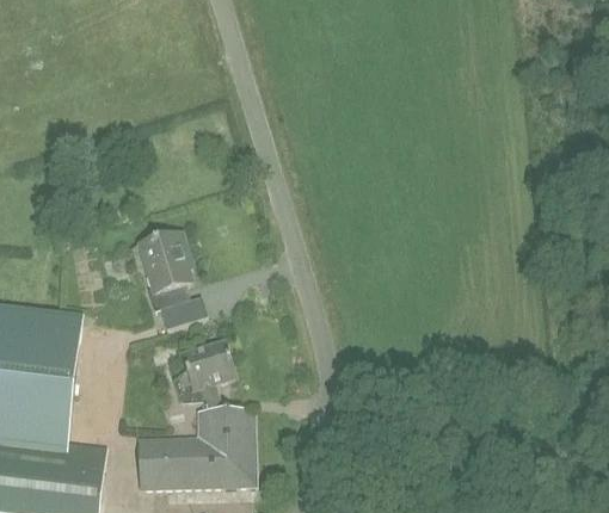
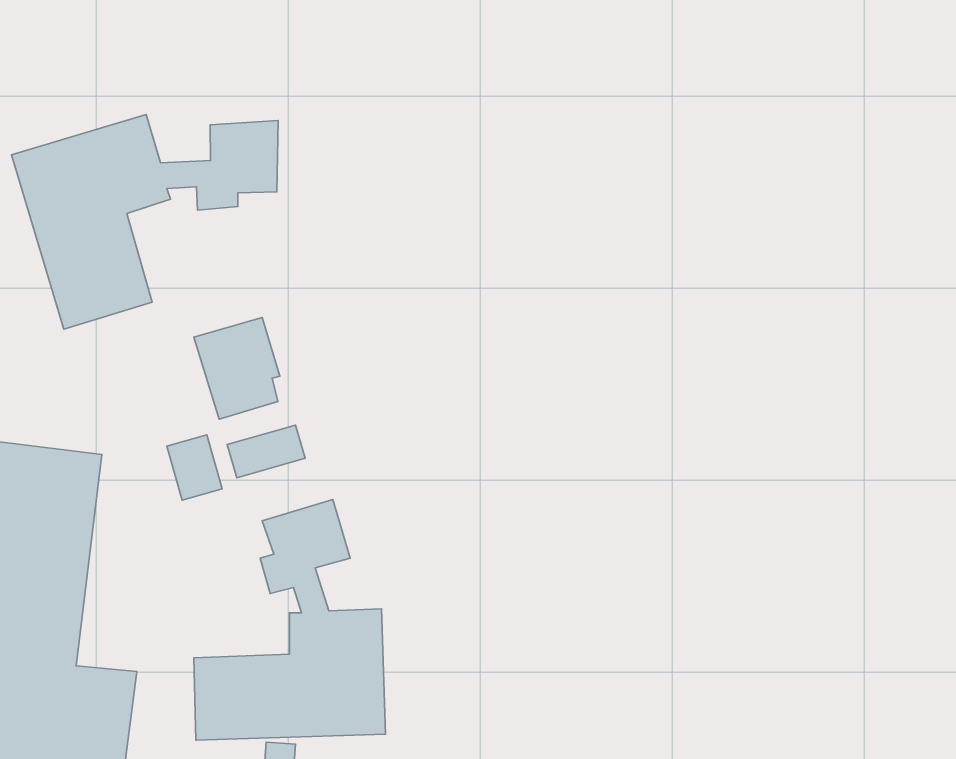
building: none -> [12,114,278,329]
building: none -> [167,435,222,500]

